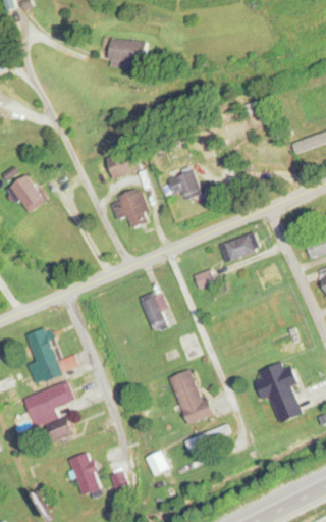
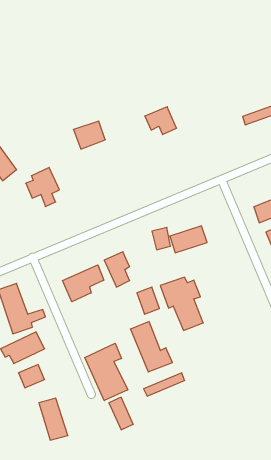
building: [111,40,145,66] -> none
building: [167,170,202,201] -> [145,107,177,135]
building: [111,187,148,229] -> [26,167,59,207]
building: [219,232,260,262] -> [170,226,207,253]
building: none -> [63,265,104,302]
building: [254,362,301,420] -> [160,277,203,330]
building: none -> [85,343,128,401]

